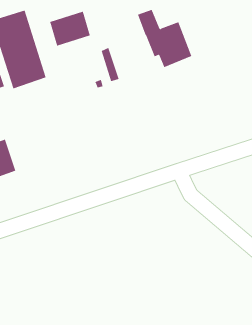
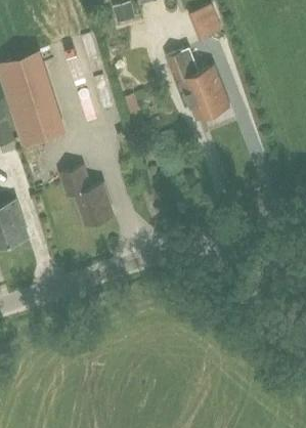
building: [49,11,91,47] -> none
building: none -> [60,166,114,224]

